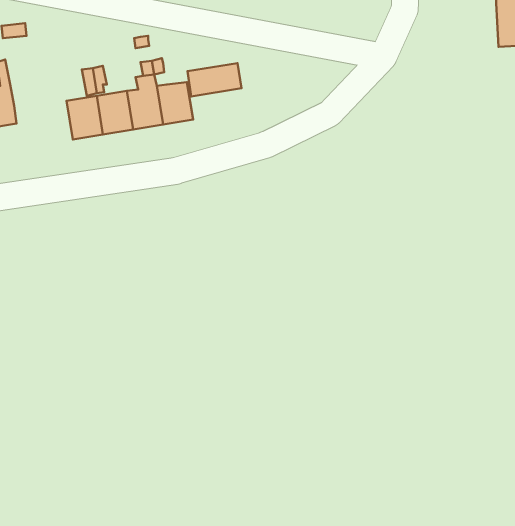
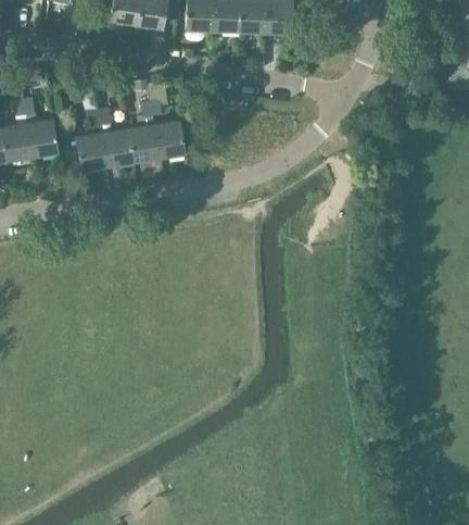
building: none -> [23,99,59,157]
building: [187,63,241,96] -> none

